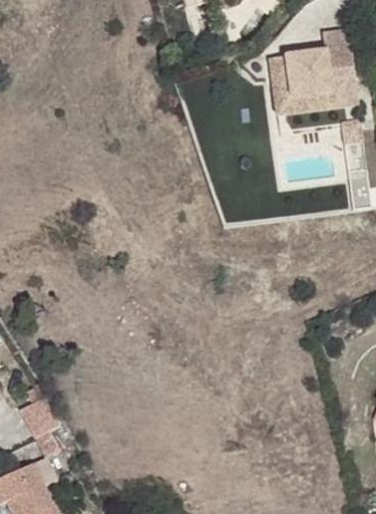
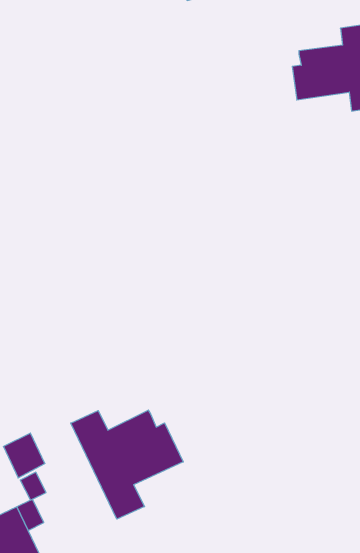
building: [269,57,332,116] -> none
building: none -> [71,410,183,519]

